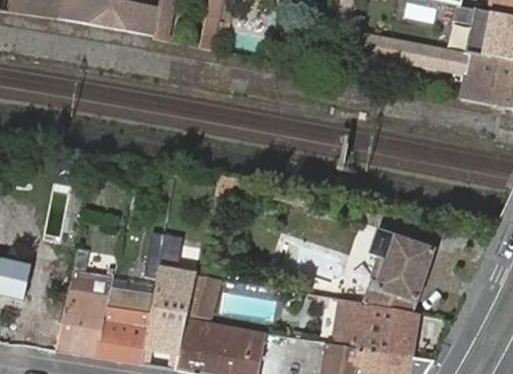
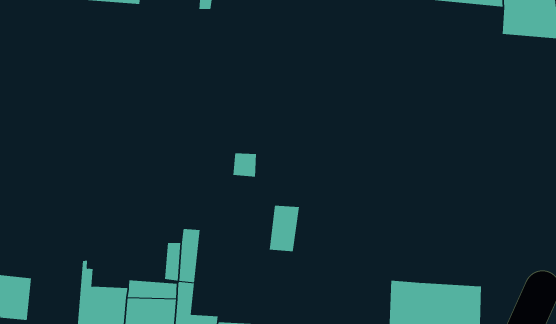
building: [367,229,434,313] -> none
building: [190,274,221,316] -> [269,205,300,252]

